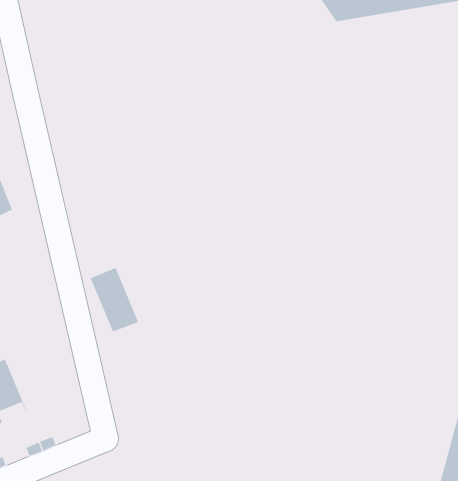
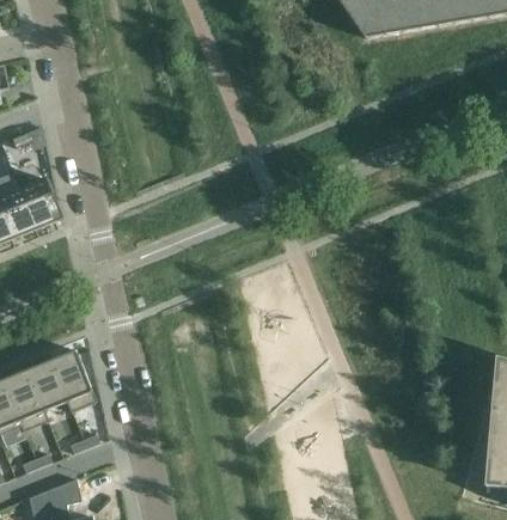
building: [90,267,139,332] -> [50,347,97,409]

